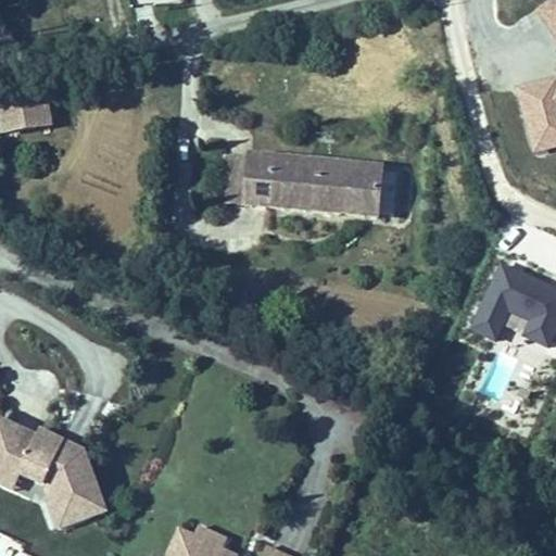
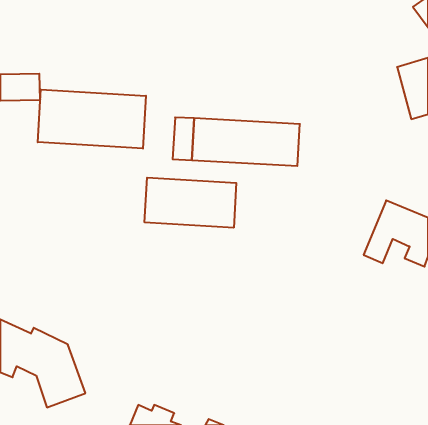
building: none -> [38,89,146,149]
building: none -> [145,178,236,228]

